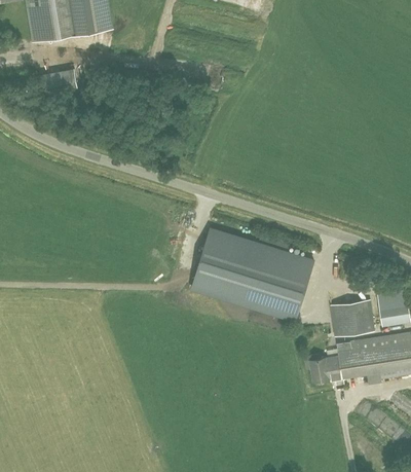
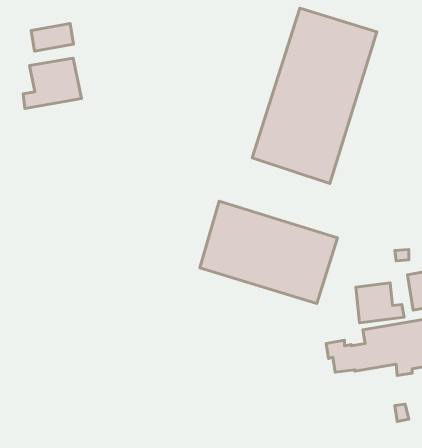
building: none -> [252,8,377,184]
building: none -> [23,58,82,109]

